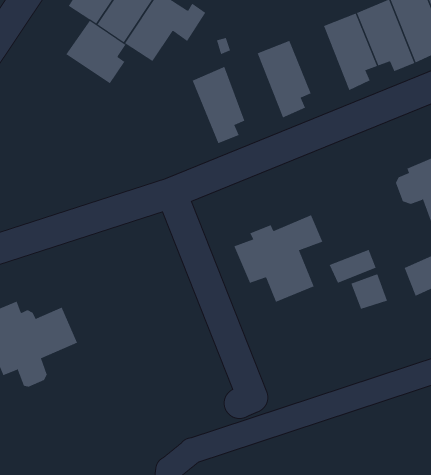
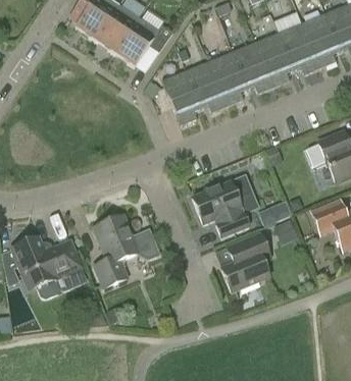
building: [66,20,126,84] -> none
building: none -> [232,41,273,93]
building: none -> [186,60,227,112]
building: none -> [94,214,160,287]
building: none -> [221,231,273,291]

